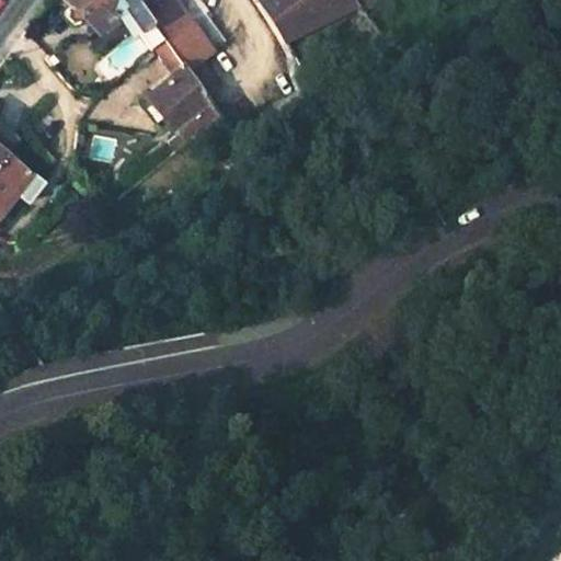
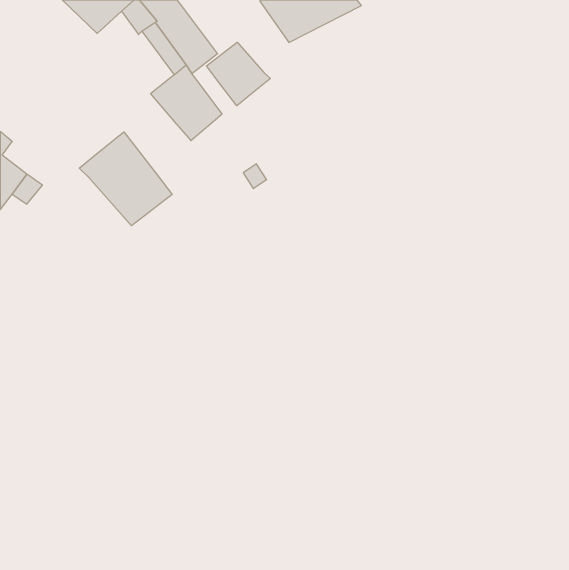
building: none -> [206,42,270,106]
building: none -> [79,132,172,226]

